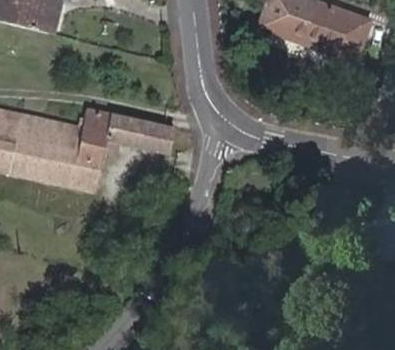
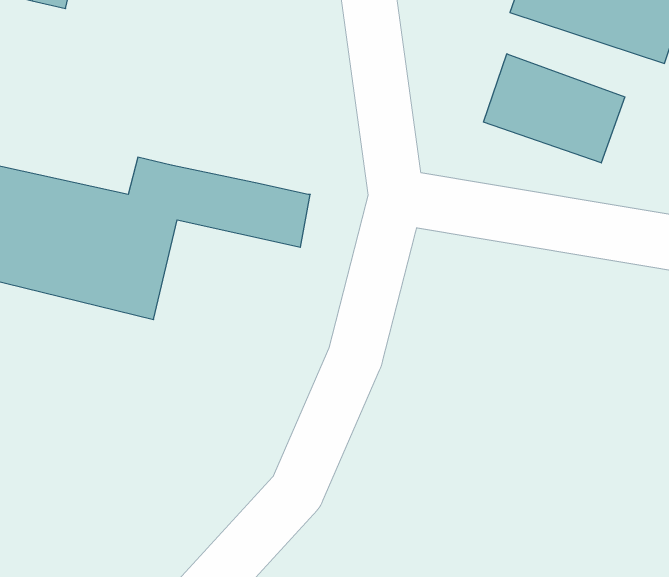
building: none -> [483,54,625,163]

